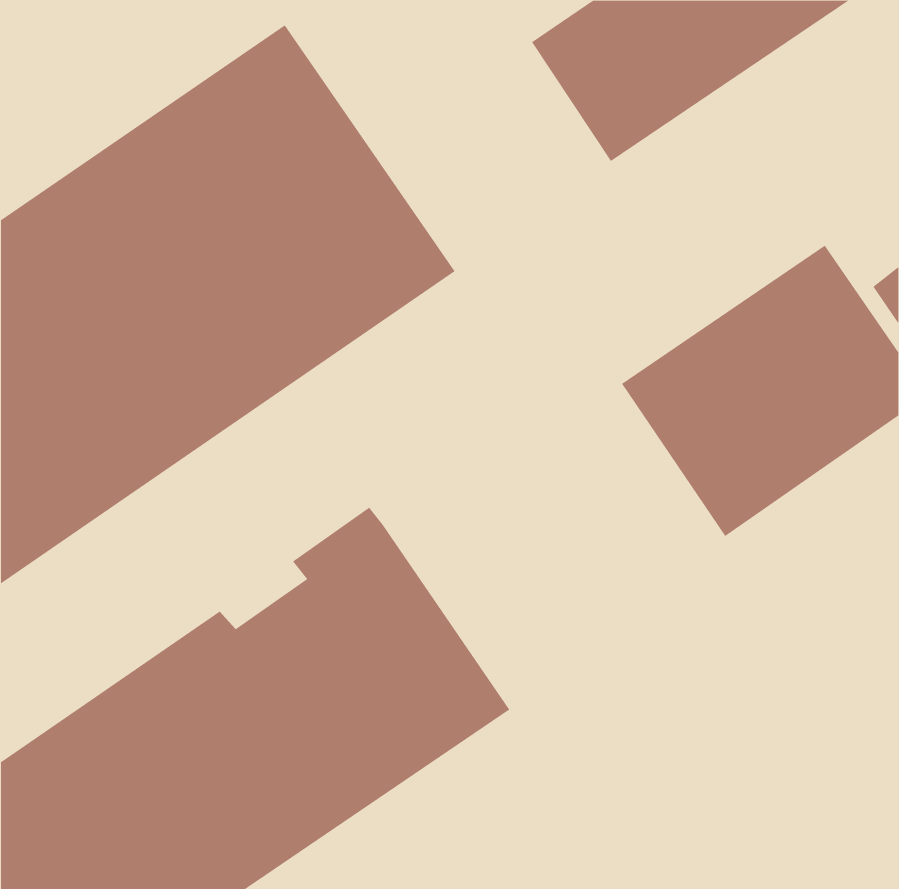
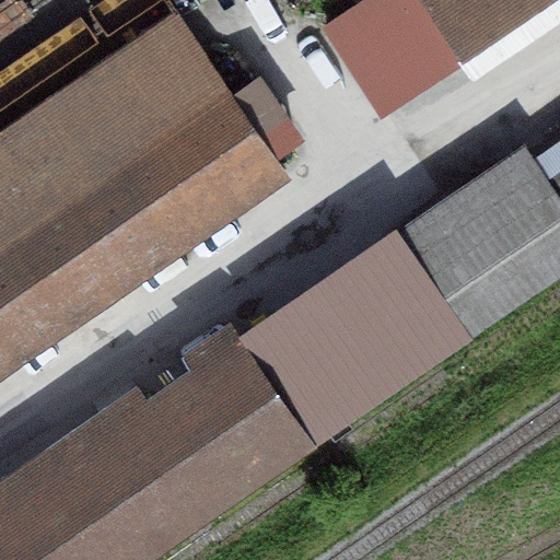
building: none -> [238,236,457,447]

